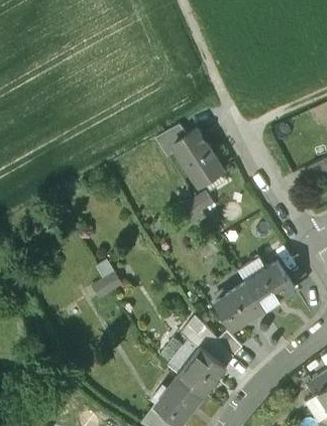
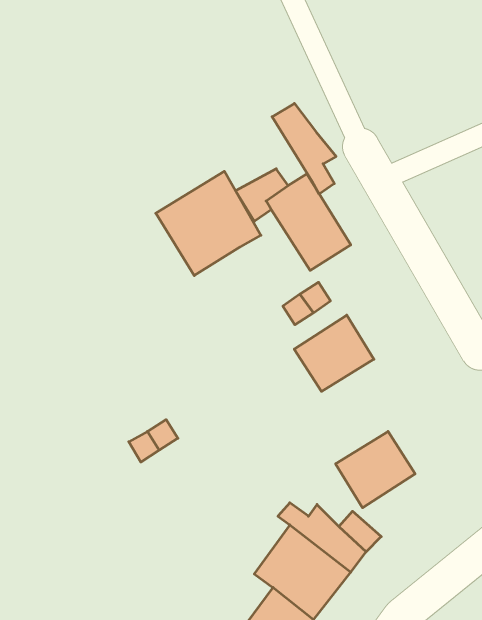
building: none -> [272,103,336,194]
building: none -> [156,171,261,276]
building: [246,261,294,306] -> [294,315,374,391]

